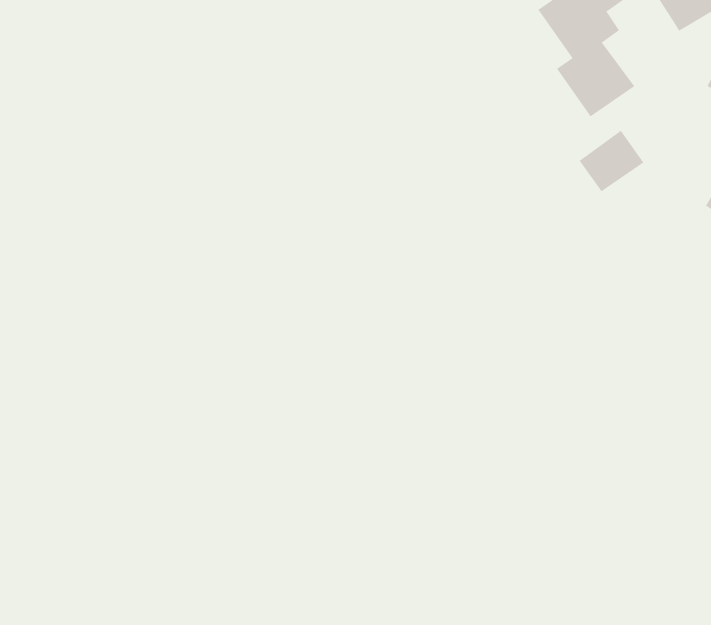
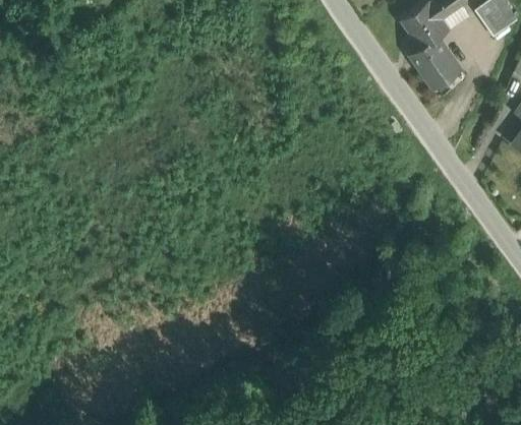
building: [579,130,644,192] -> none

